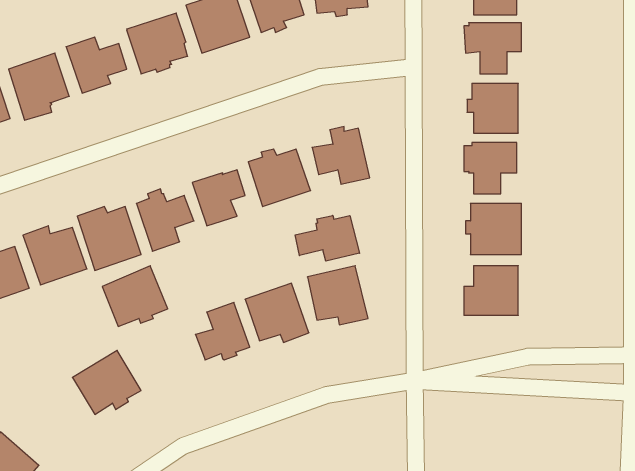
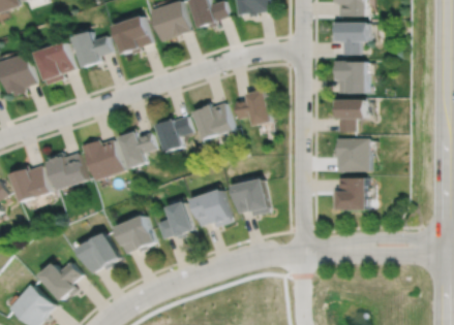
building: [295,215,360,261] -> none
building: [102,266,168,326] -> [116,215,158,254]
building: none -> [41,262,83,301]

